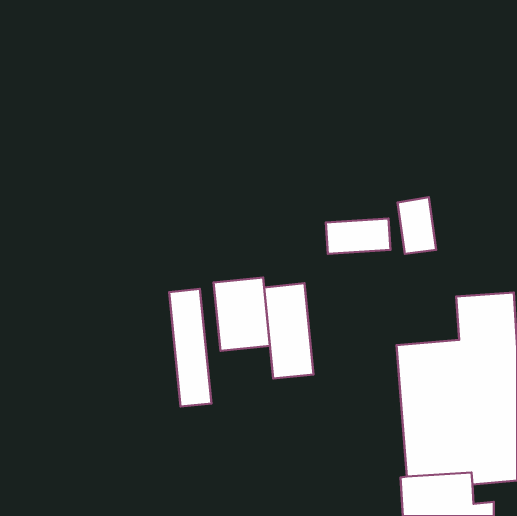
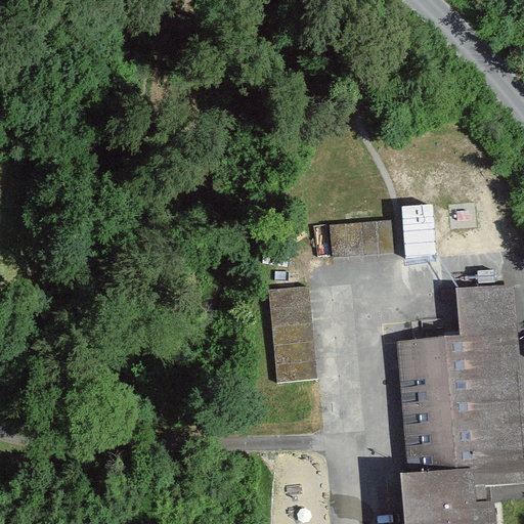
building: [214,277,270,351] -> none
building: [169,289,211,407] -> none

